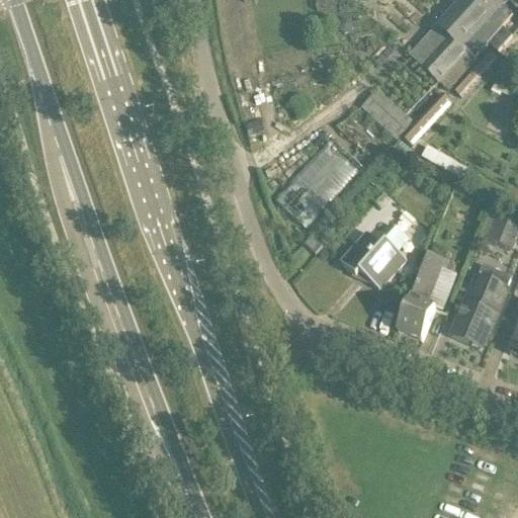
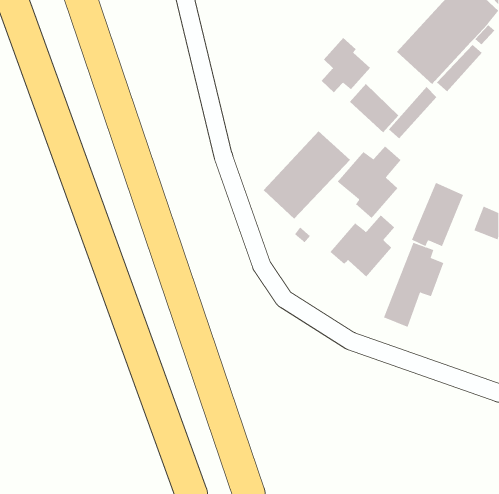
building: none -> [321,37,371,93]
building: none -> [337,146,402,219]
building: [451,273,506,340] -> [411,182,464,247]

